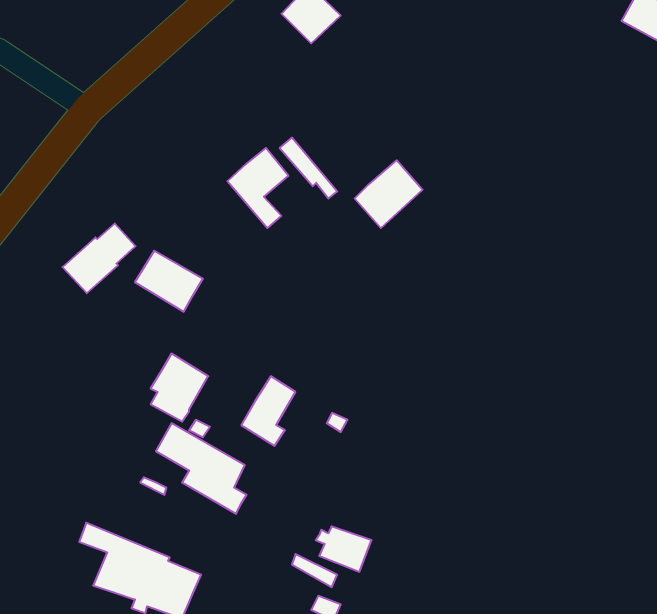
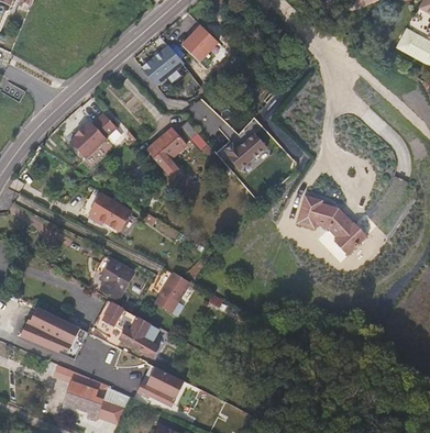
building: none -> [141,46,181,85]
building: [62,223,136,293] -> [69,113,115,157]
building: none -> [296,195,366,254]
building: none -> [20,306,79,352]
building: [316,526,372,572] -> [139,374,174,402]

